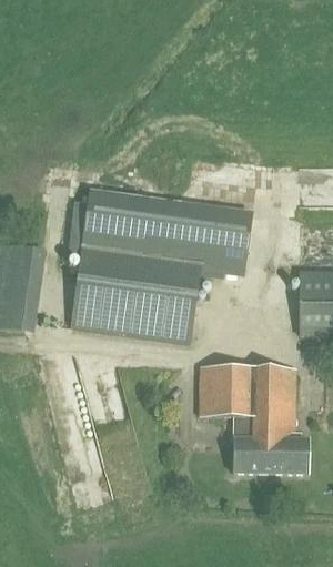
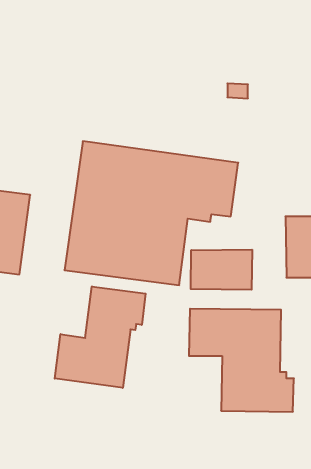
building: none -> [191,250,252,290]
building: none -> [55,286,146,388]

